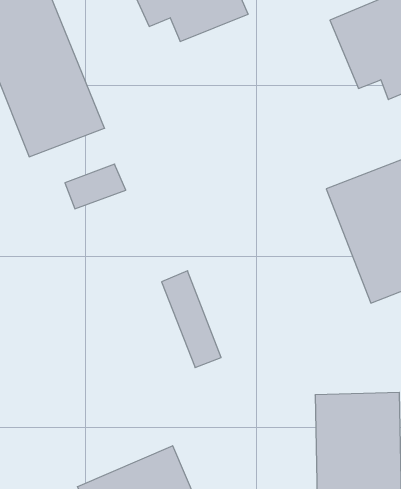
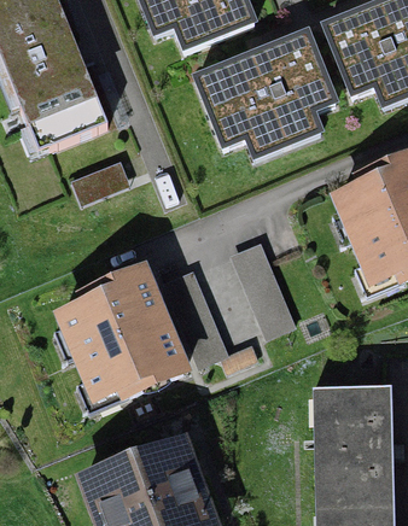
building: none -> [198,30,336,153]
building: none -> [237,236,295,328]
building: none -> [39,273,179,421]

